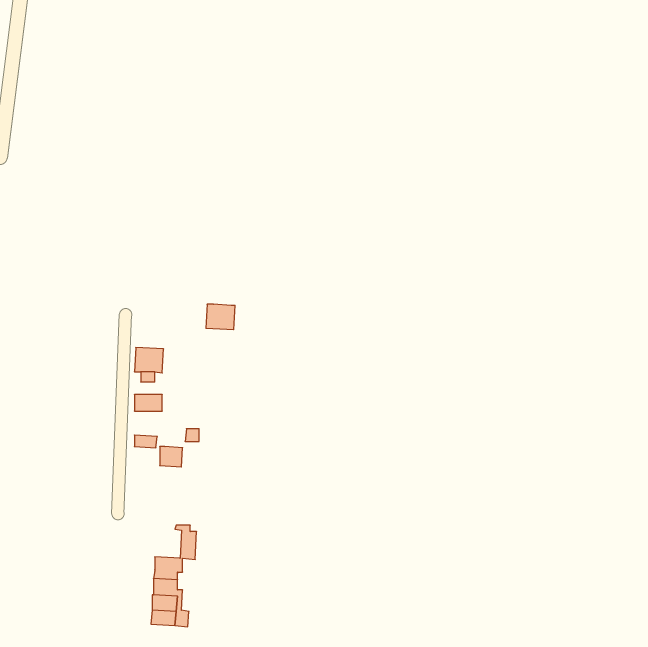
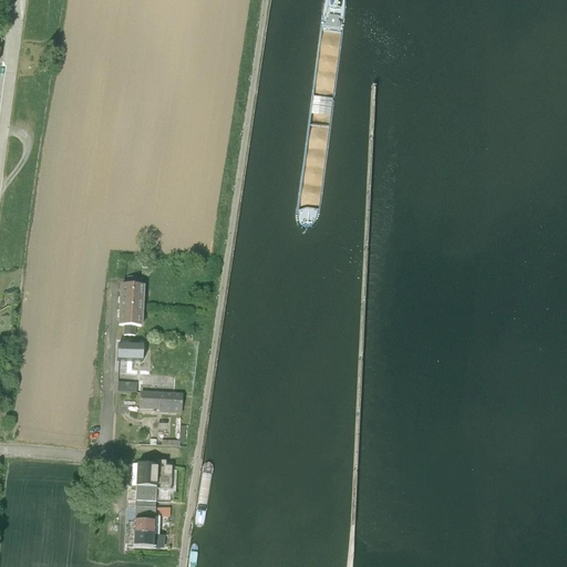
building: [206,304,235,330] -> [118,282,144,305]
building: none -> [158,391,183,412]
building: none -> [134,462,158,487]

